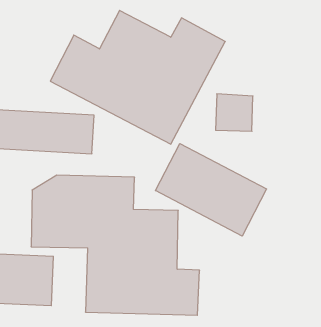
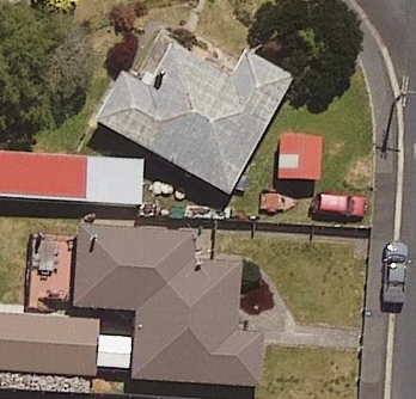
building: [155,144,267,236] -> none

